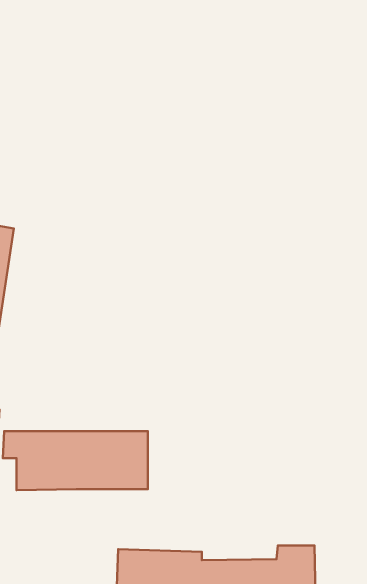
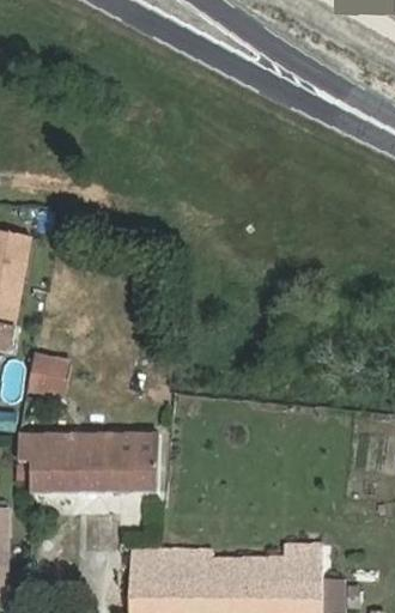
building: none -> [30,356,68,394]

